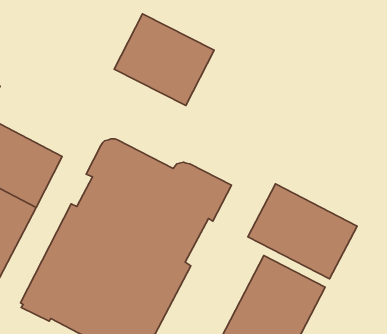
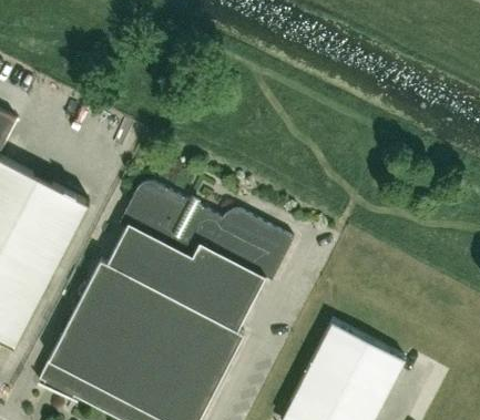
building: [114,14,214,106] -> none
building: [248,184,357,279] -> none

